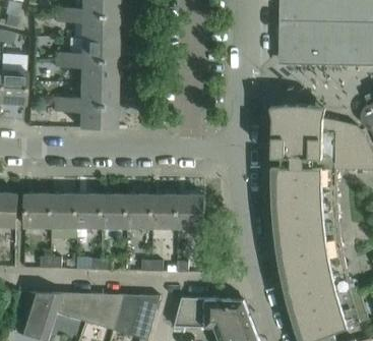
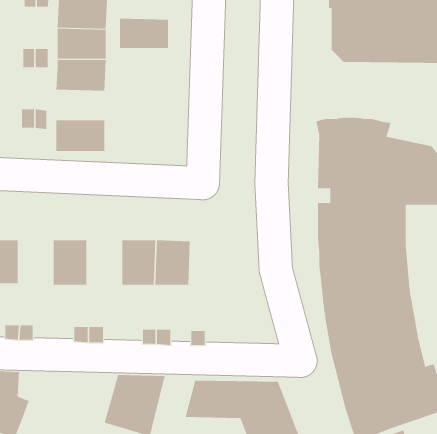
building: [78,83,115,106] -> [119,18,169,48]
building: [51,194,76,228] -> none
building: [102,194,127,228] -> none
building: [177,195,203,228] -> none
building: [51,292,124,330] -> none

